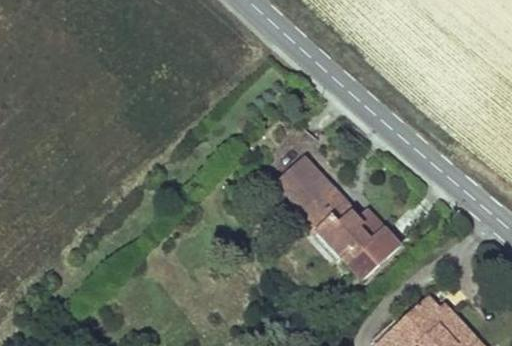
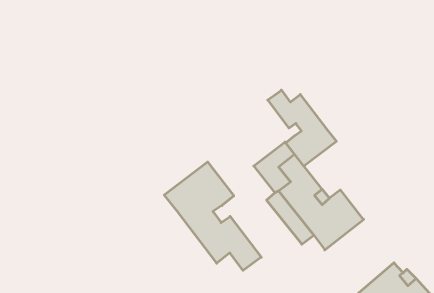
building: none -> [268,90,336,166]
building: none -> [164,162,261,270]

